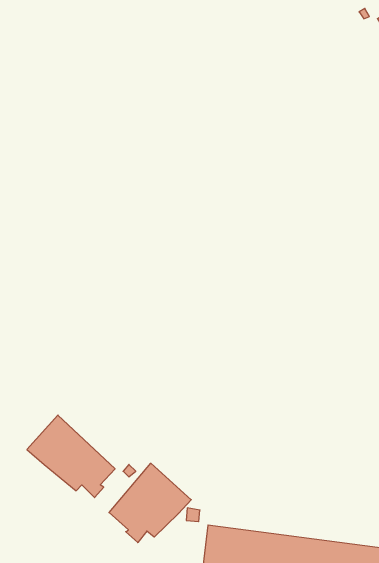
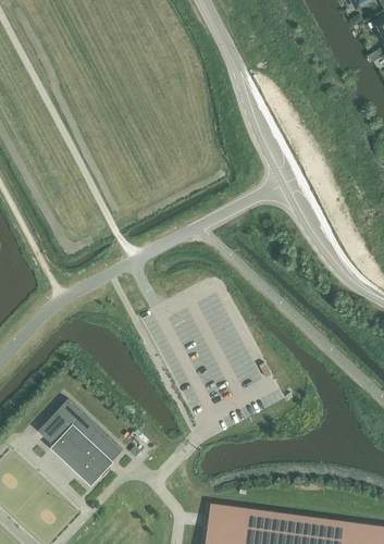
building: [109,463,191,543] -> none

